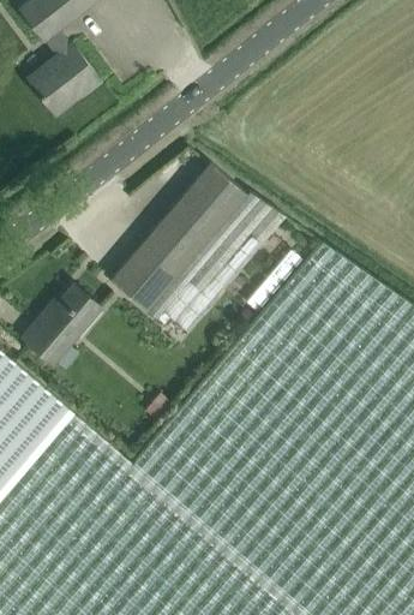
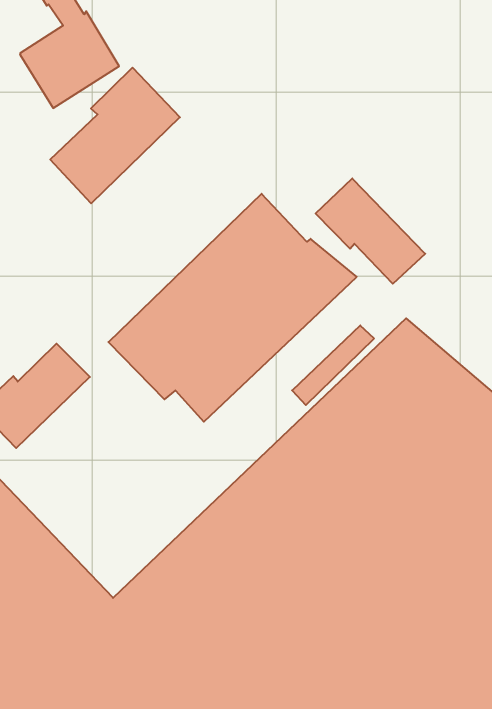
building: none -> [50,68,180,203]
building: none -> [316,178,425,284]

